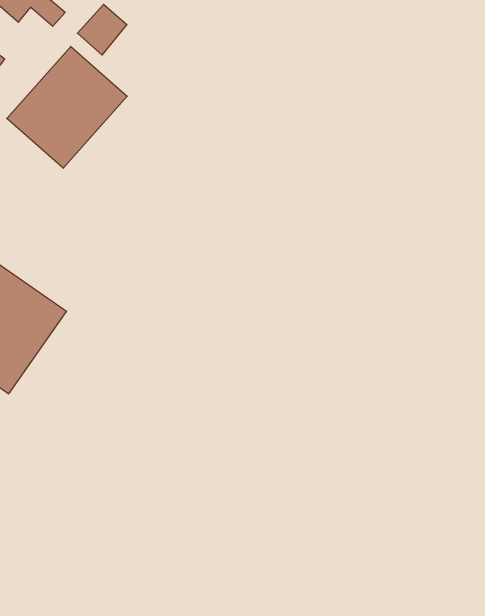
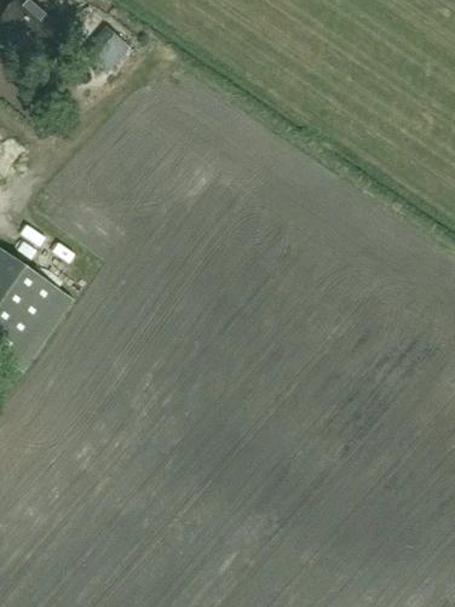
building: [7,46,127,168] -> none

